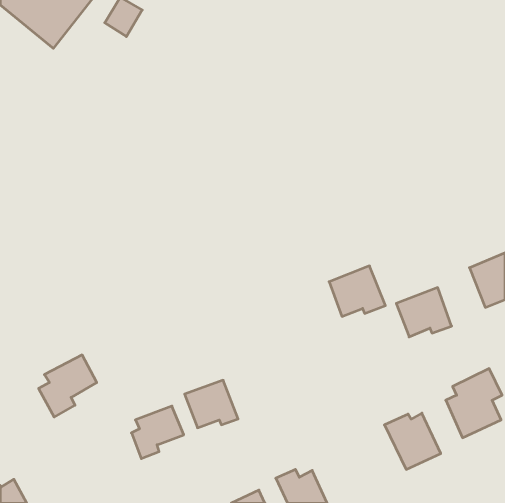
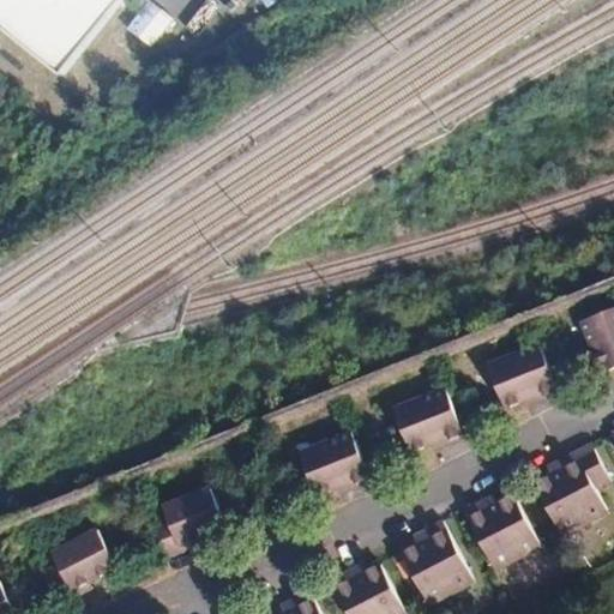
building: [329,266,385,316] -> [393,391,462,452]
building: [39,355,97,417] -> [41,528,112,603]
building: [185,380,238,428] -> [305,434,369,492]
building: none -> [408,524,474,602]

